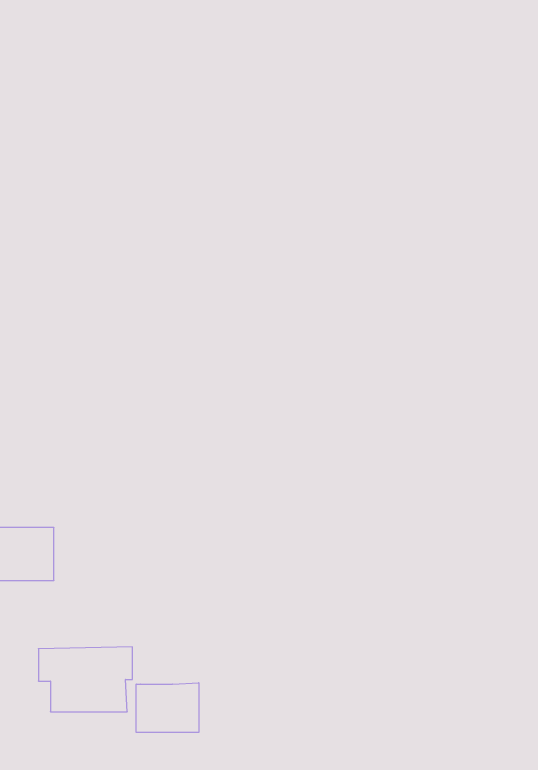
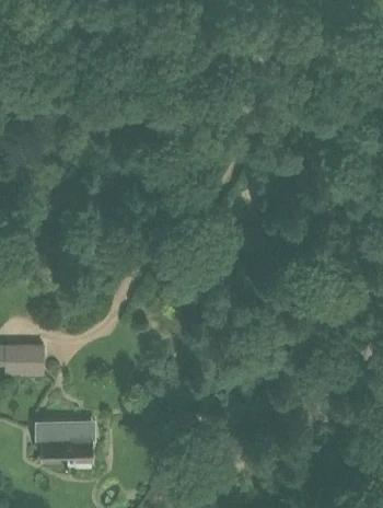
building: [136,683,199,732] -> none

